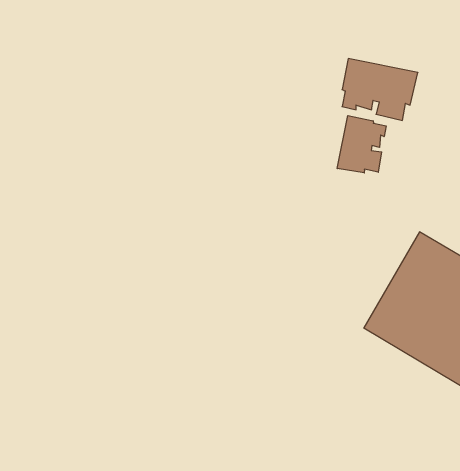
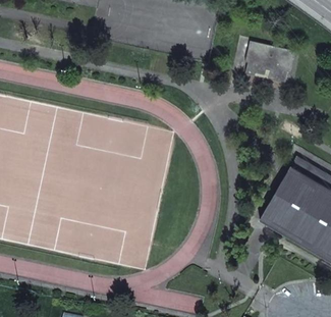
building: [337,116,386,173] -> none

